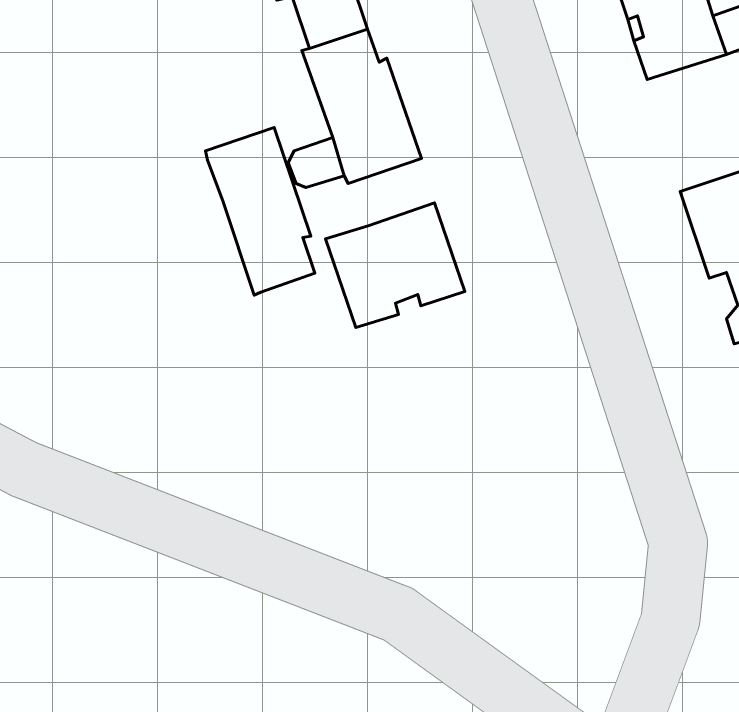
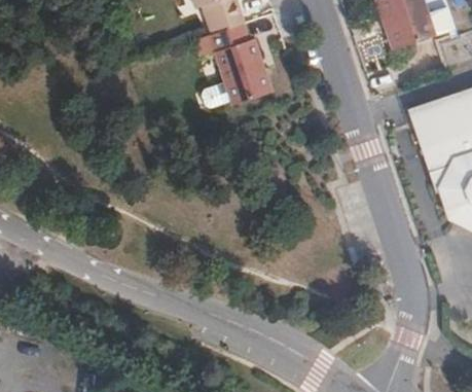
building: [206,127,315,295] -> none
building: [326,203,465,328] -> none

